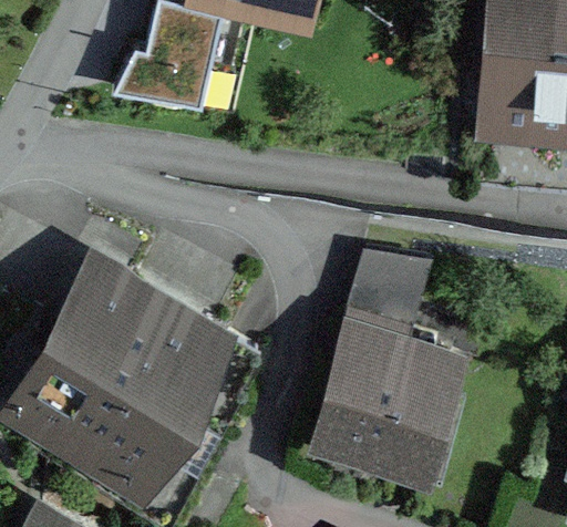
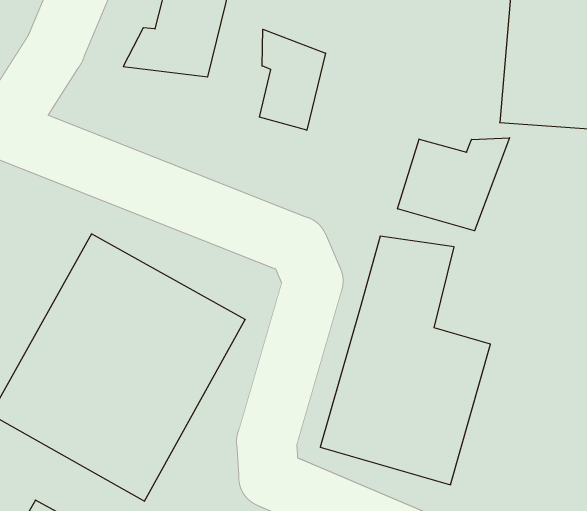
building: none -> [259,29,326,130]
building: none -> [398,138,510,231]

